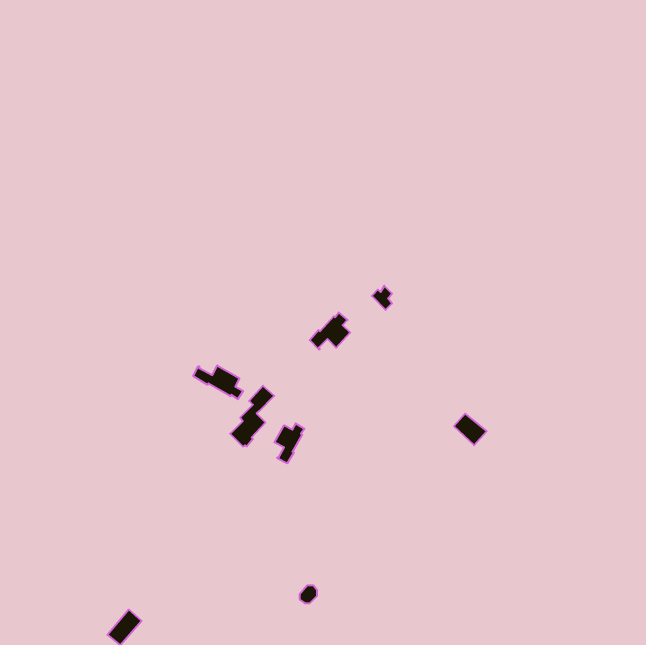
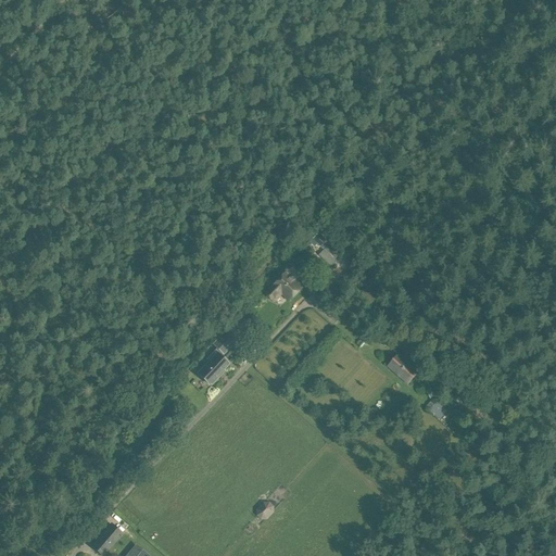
building: [193,365,243,399] -> none
building: [274,423,304,463] -> none

